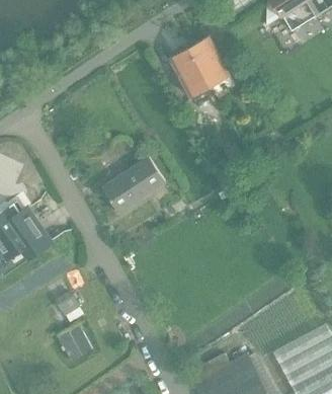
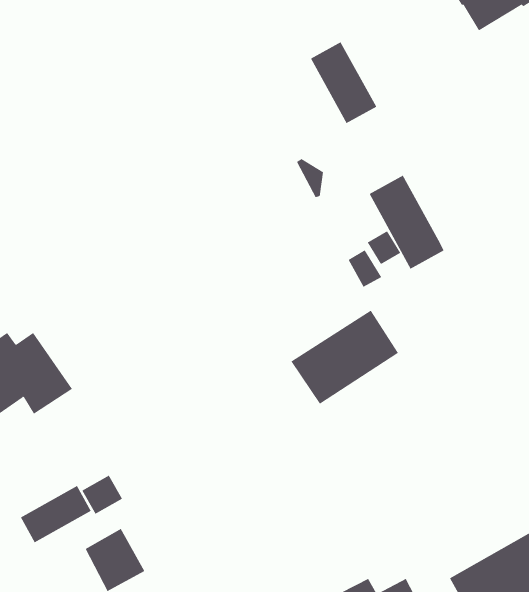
building: [171,48,216,103] -> [369,175,444,269]
building: [102,158,166,214] -> [290,310,399,404]
building: none -> [20,485,92,543]

